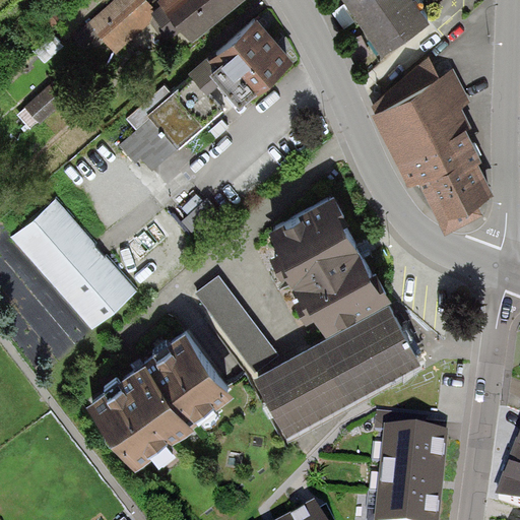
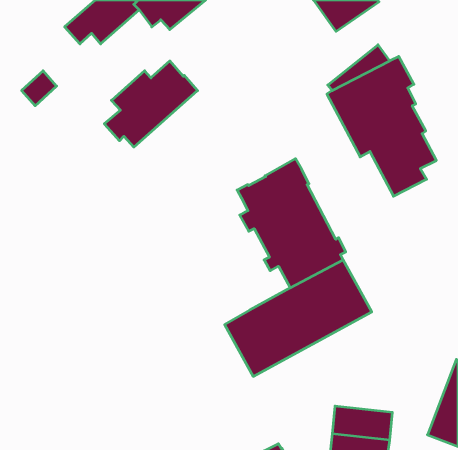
building: [189,16,294,103] -> none
building: [10,203,137,336] -> none
building: [194,279,282,377] -> none
building: [86,326,235,465] -> none
building: [379,433,448,476] -> none

